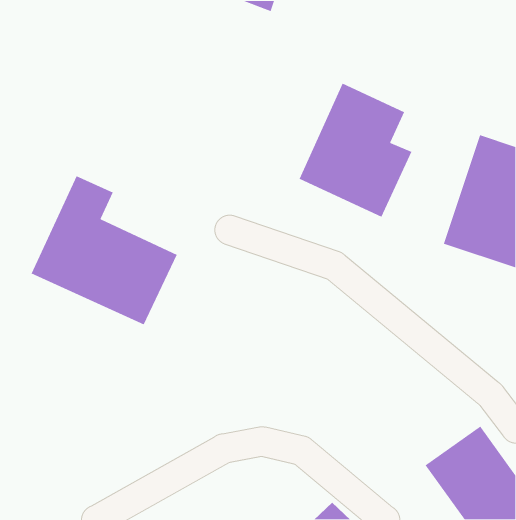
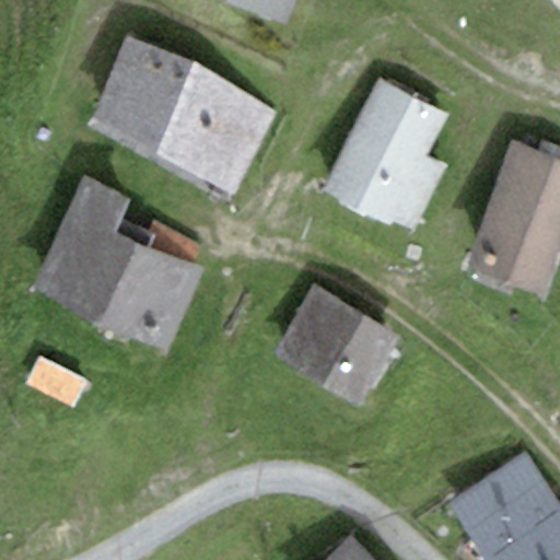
building: none -> [114,47,284,178]
building: none -> [272,287,396,396]

